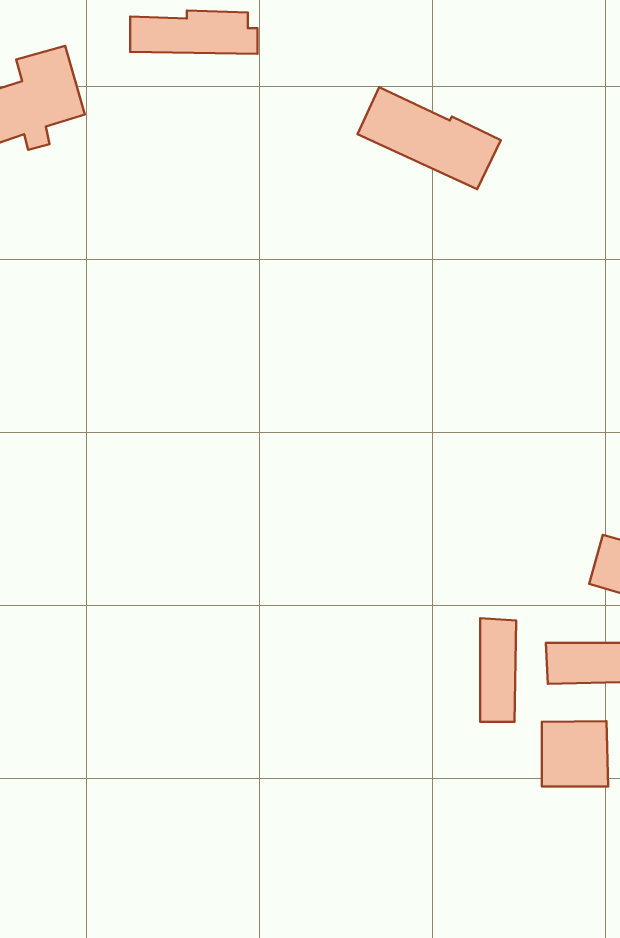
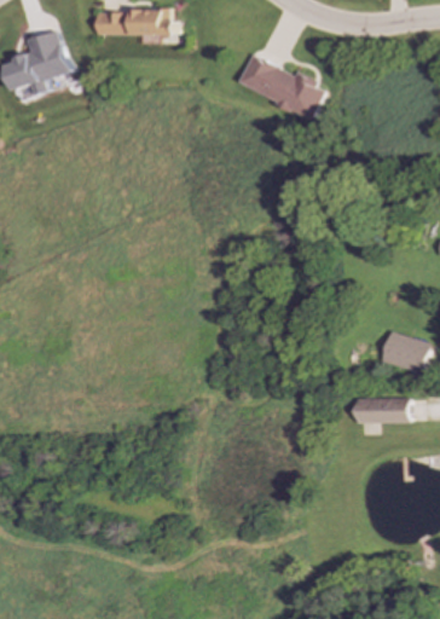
building: [480,618,516,722] -> none
building: [542,721,608,786] -> none

